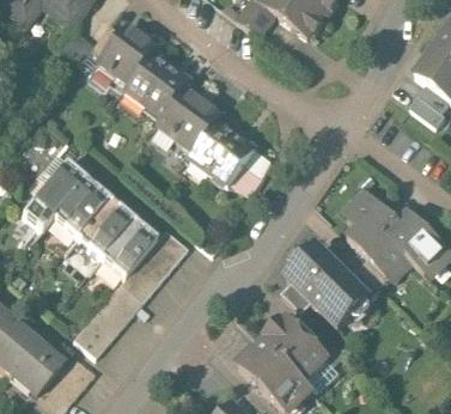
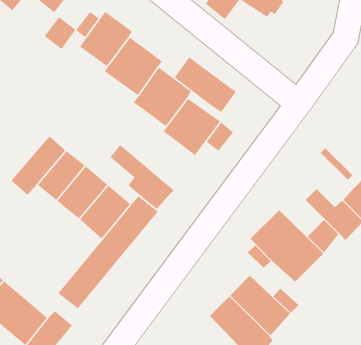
building: none -> [174,57,237,113]
building: none -> [109,144,174,210]
building: [343,188,401,242] -> none

